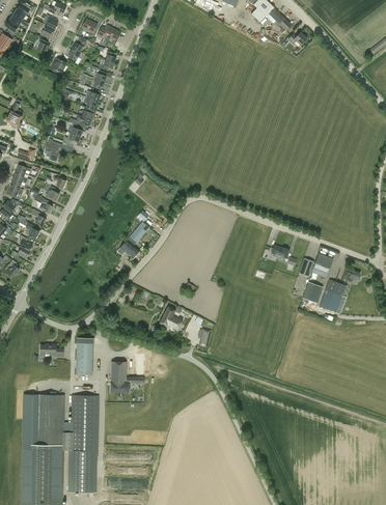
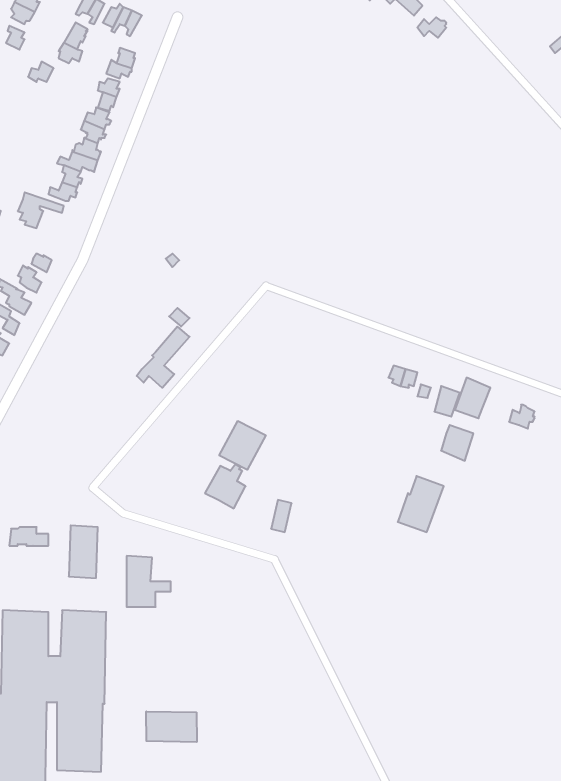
building: [319,278,347,312] -> [398,476,444,532]
building: none -> [219,421,266,470]
building: none -> [146,711,197,742]

